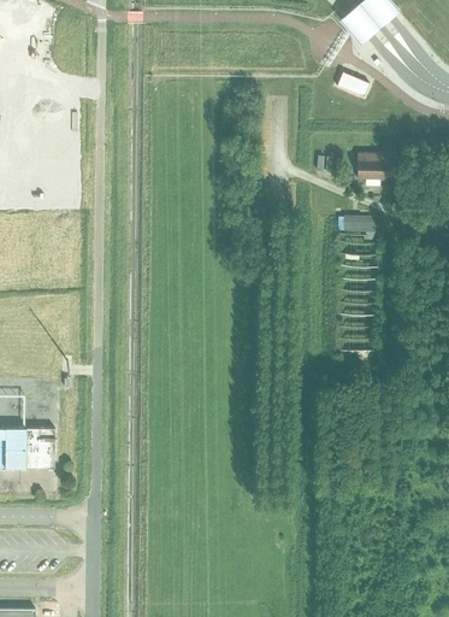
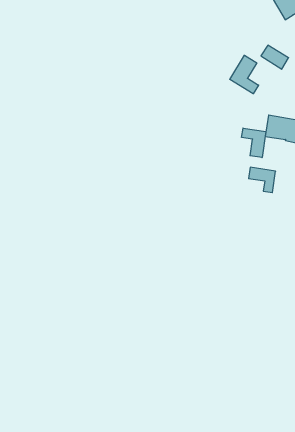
building: none -> [230,55,259,94]
building: none -> [242,128,266,158]

